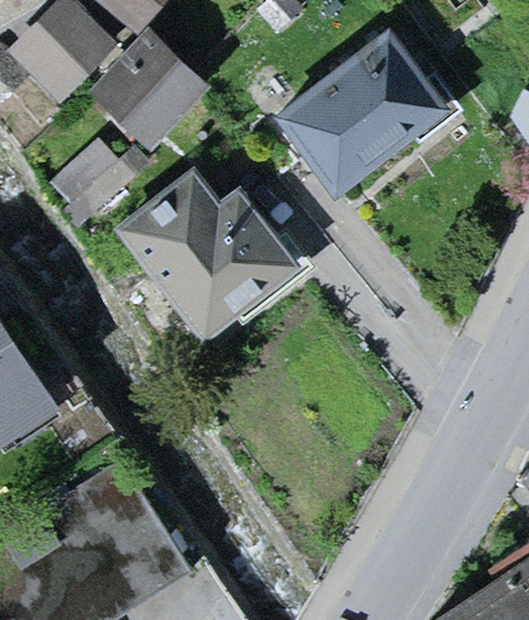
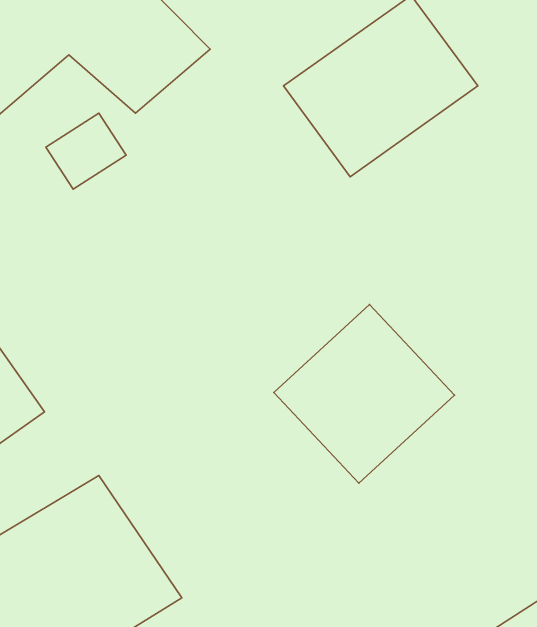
building: [116,161,304,356] -> none
building: none -> [274,304,455,483]

